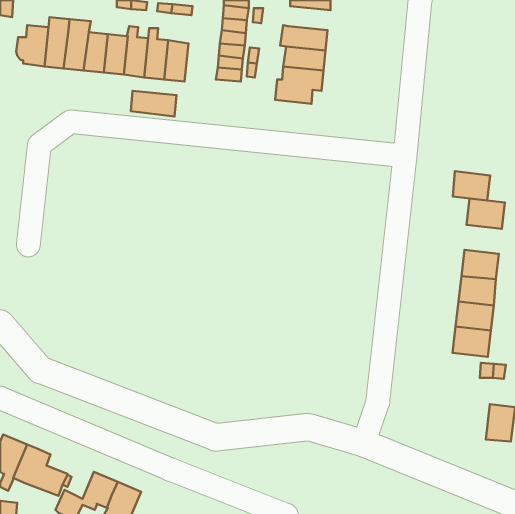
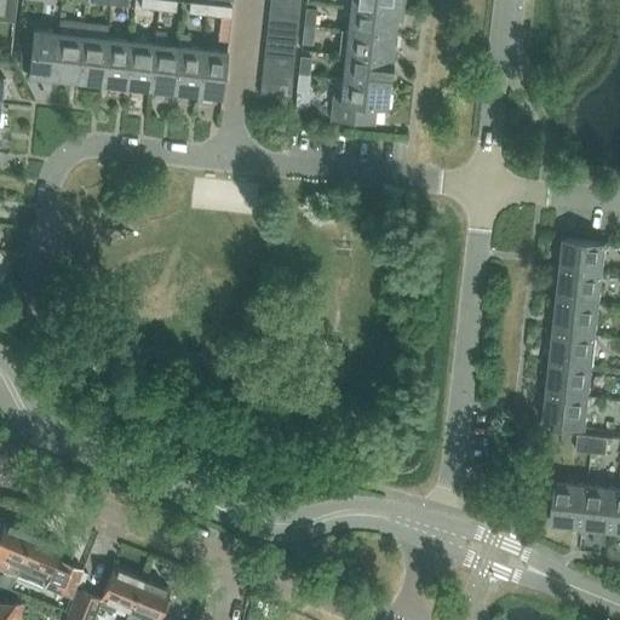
building: none -> [346,8,397,38]
building: [131,91,177,116] -> none
building: [453,171,490,201] -> [558,271,603,306]
building: none -> [552,483,589,529]

